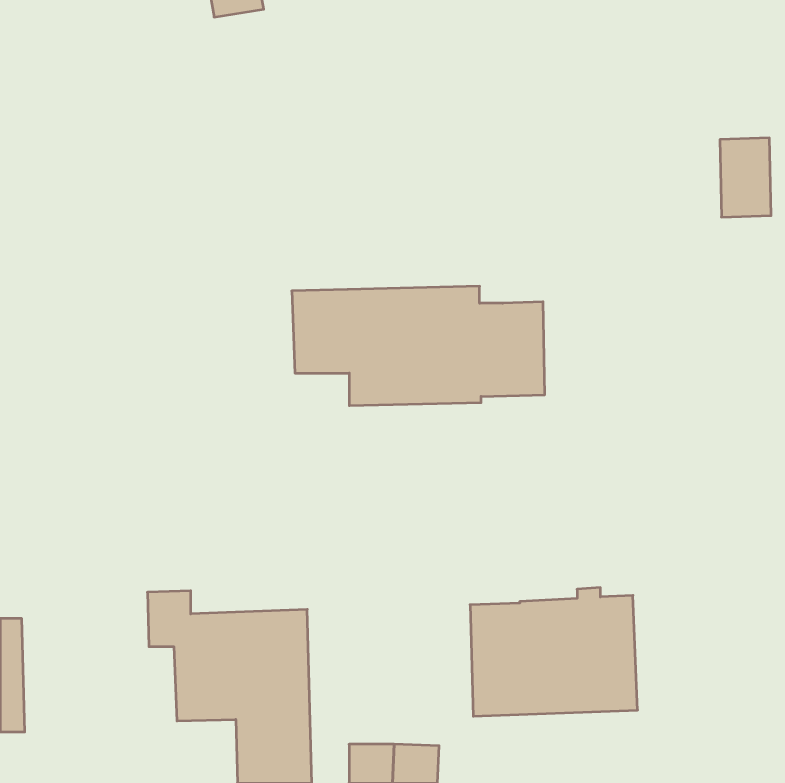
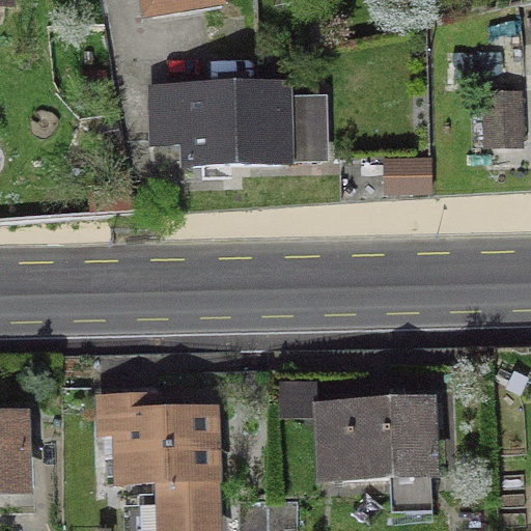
building: [292,286,545,406] -> [155,84,324,164]

